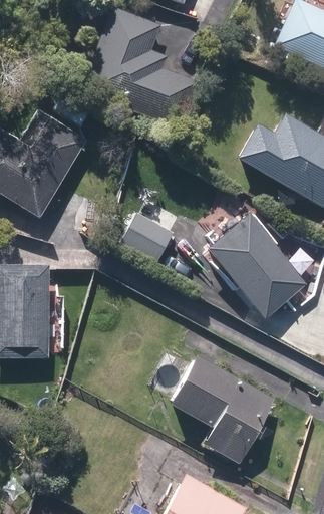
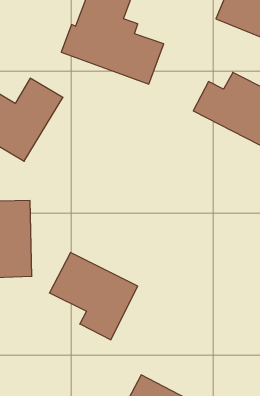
building: [127,211,181,260] -> none
building: [214,211,315,315] -> none
building: [166,357,271,462] -> [49,253,138,340]

